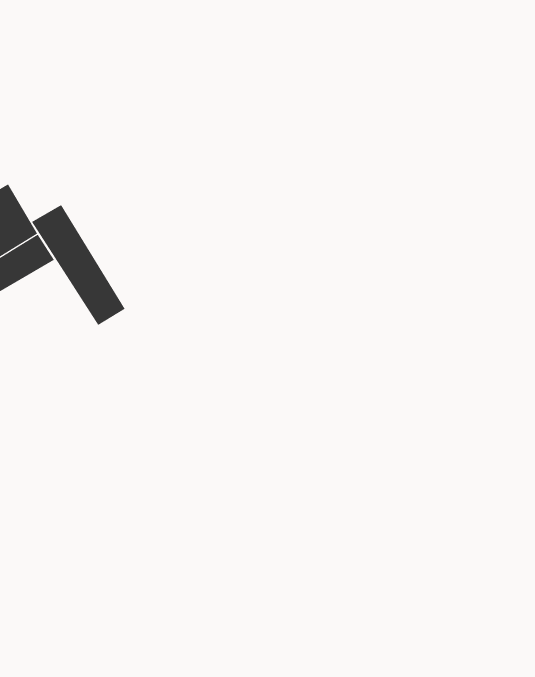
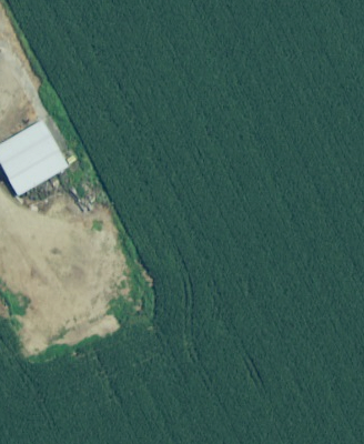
building: [31,204,126,326] -> none

